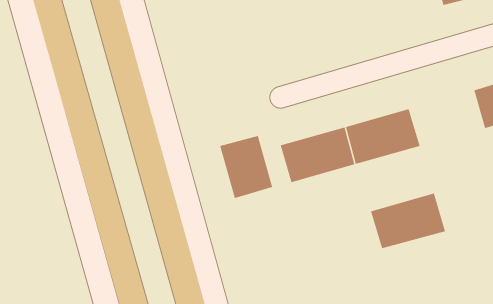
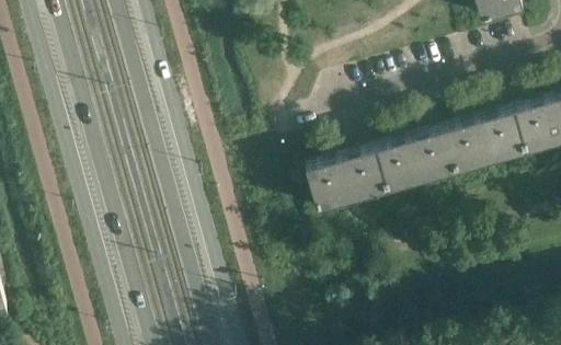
building: [219,135,273,199] -> none
building: [370,193,446,249] -> [444,111,525,171]

